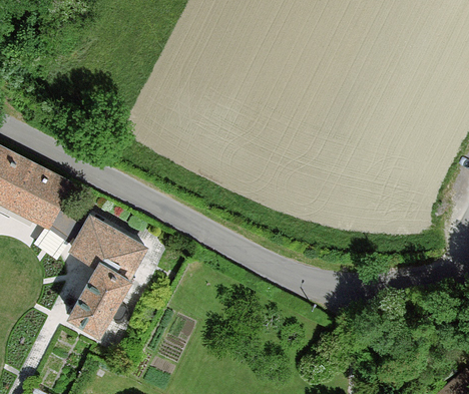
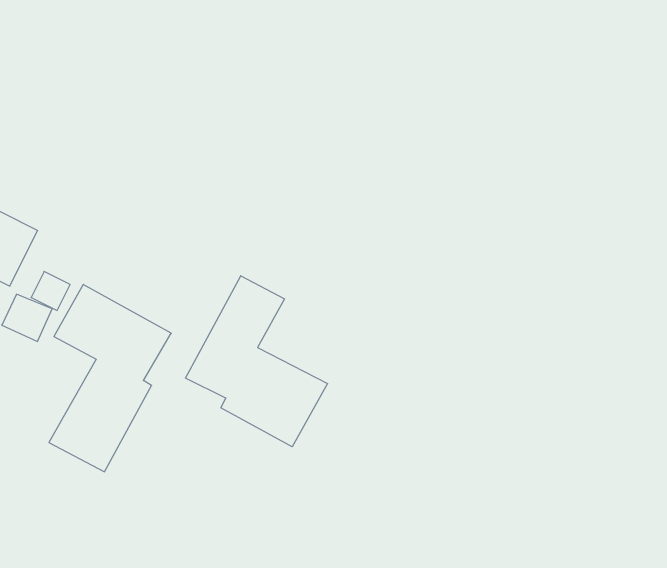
building: none -> [185,276,328,447]

